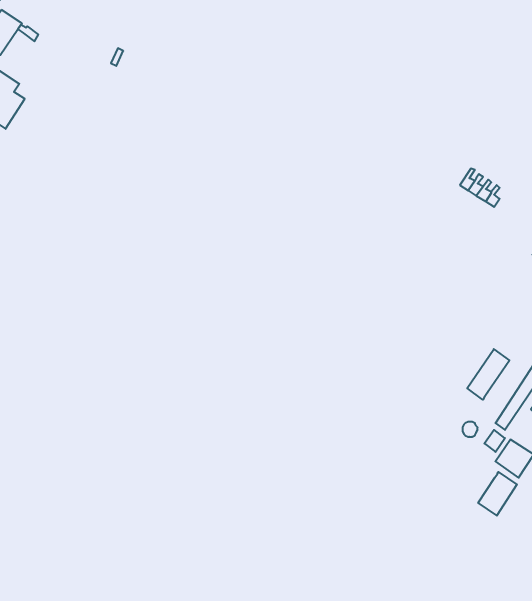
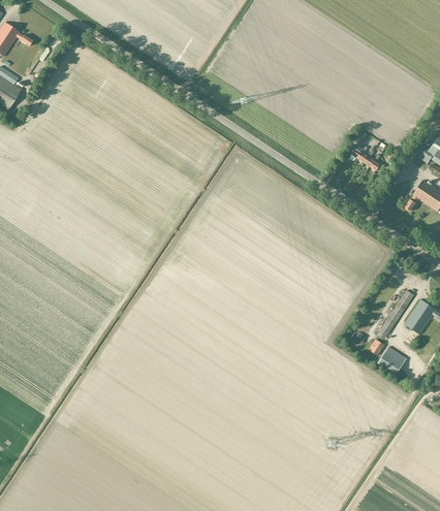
building: [467,349,509,400] -> none
building: [478,472,517,516] -> none

